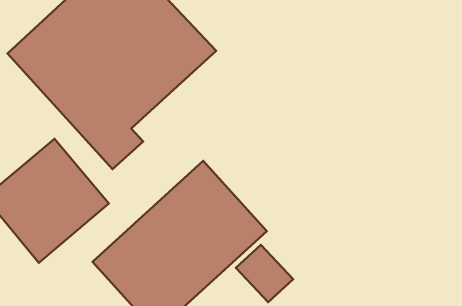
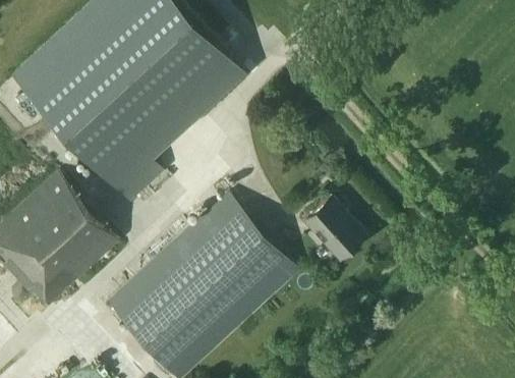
building: [236,245,293,302] -> [304,198,367,261]

